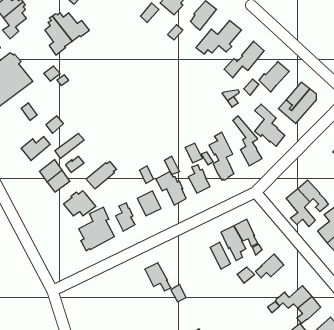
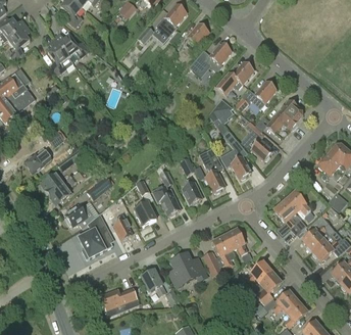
building: none -> [171,253,206,281]
building: none -> [251,272,281,304]
building: none -> [100,288,139,316]

